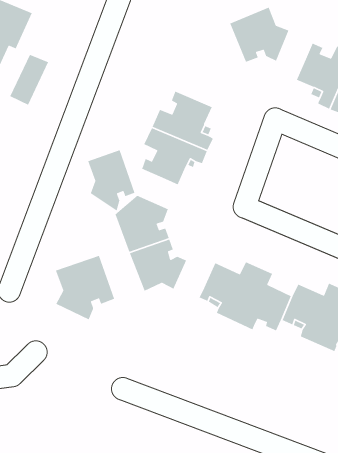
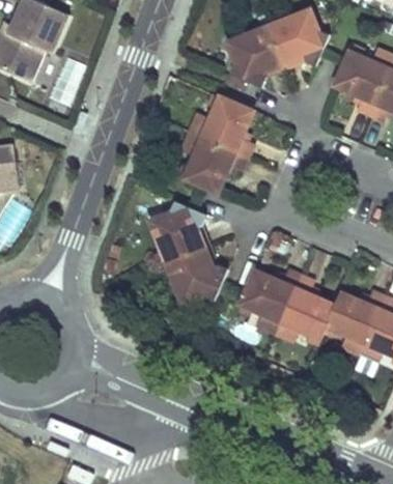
building: none -> [228,26,285,86]
building: [87,149,136,212] -> none
building: [55,255,115,321] -> none

